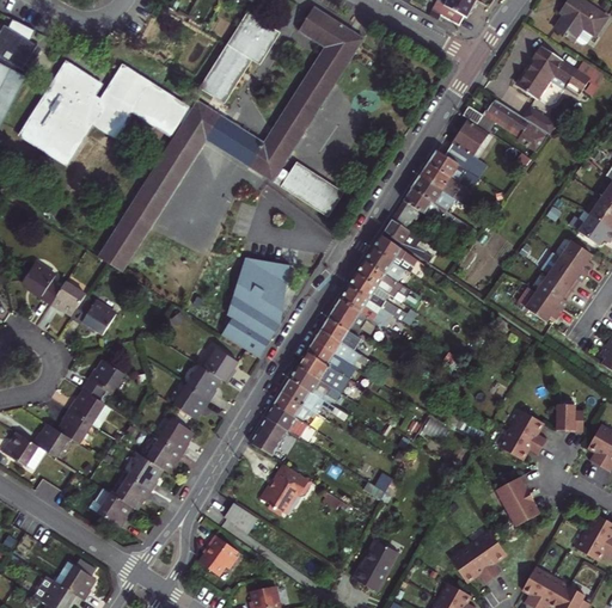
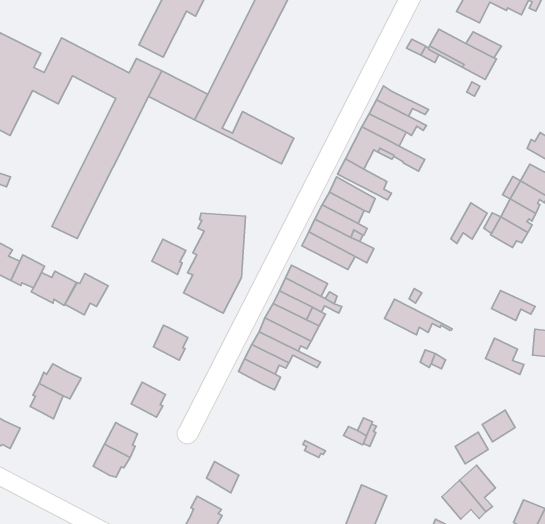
building: [94,66,190,112] -> none
building: [443,121,488,177] -> none
building: none -> [451,203,487,243]
building: [329,299,394,336] -> [384,299,452,335]
building: [203,346,238,382] -> [152,239,186,274]
building: [81,360,126,400] -> [65,273,108,315]
building: [172,383,209,418] -> none
building: [251,416,288,455] -> none
building: [32,424,69,457] -> none
building: [500,426,543,457] -> [491,290,535,321]
building: [146,437,182,471] -> none
building: [258,465,311,515] -> none
building: [86,486,130,527] -> none
building: [509,497,541,527] -> [455,432,488,464]

